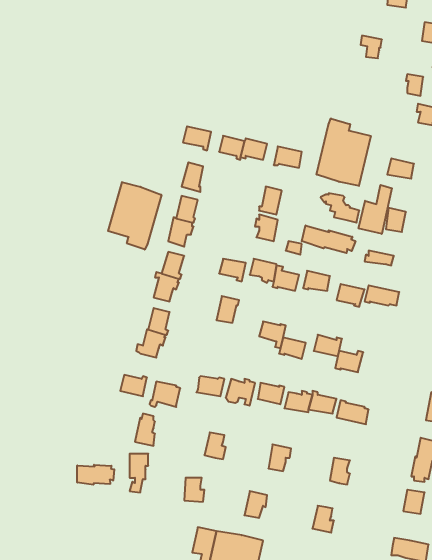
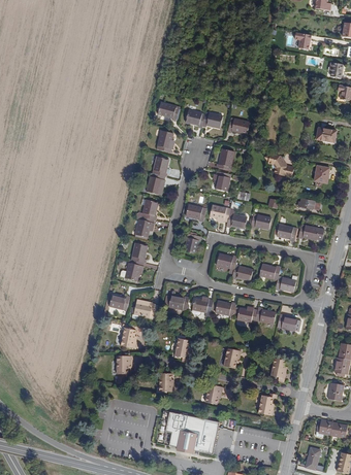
building: [317,118,371,186] -> none
building: [108,182,161,250] -> none
building: [359,185,392,234] -> none
building: [302,225,355,253] -> none
building: [77,465,114,485] -> none

